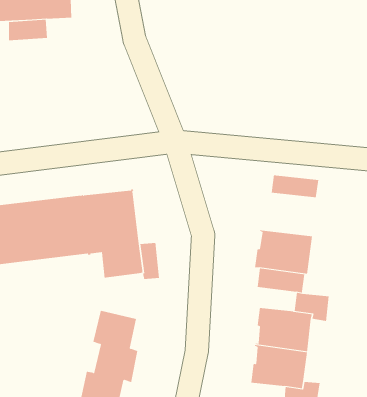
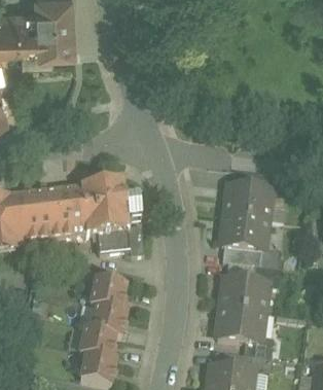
building: none -> [224,185,271,221]

